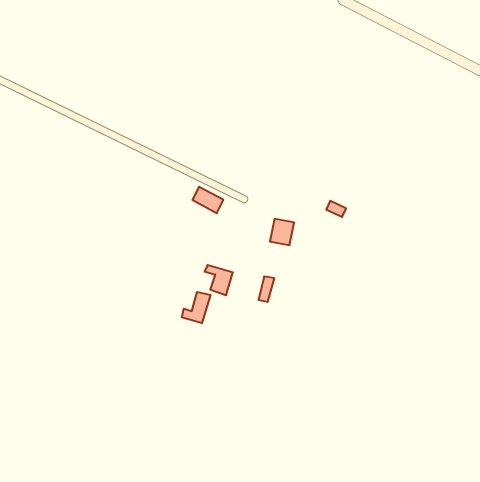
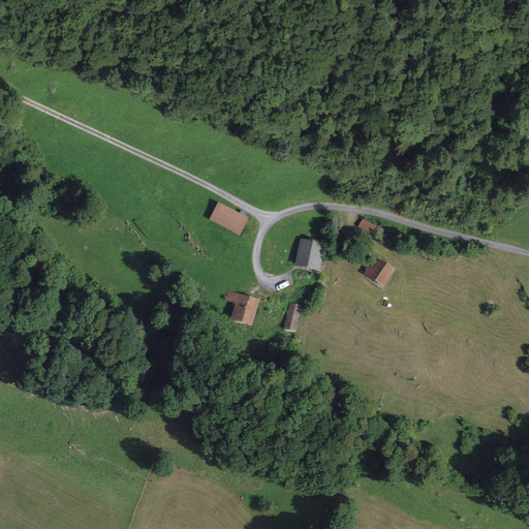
building: none -> [365,256,393,283]
building: [182,292,210,323] -> none

